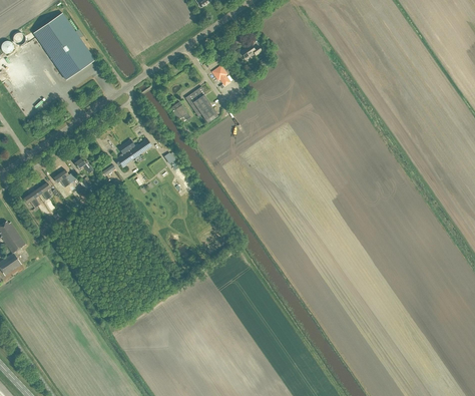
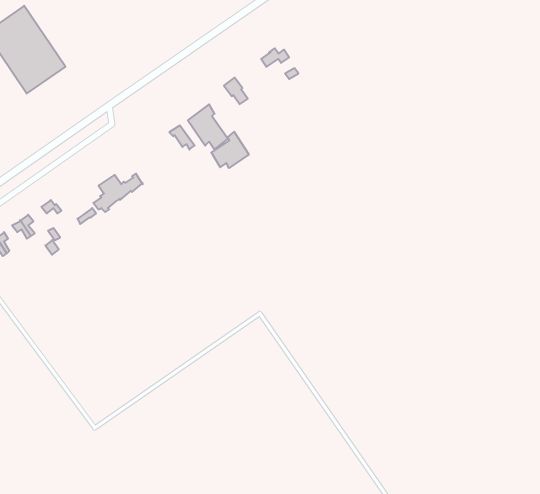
building: none -> [211,132,249,168]

